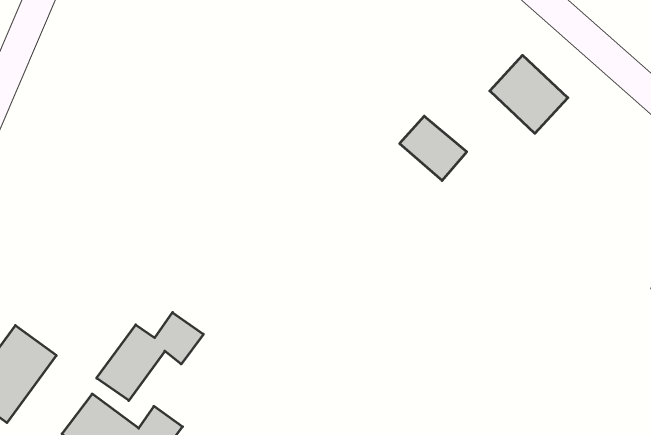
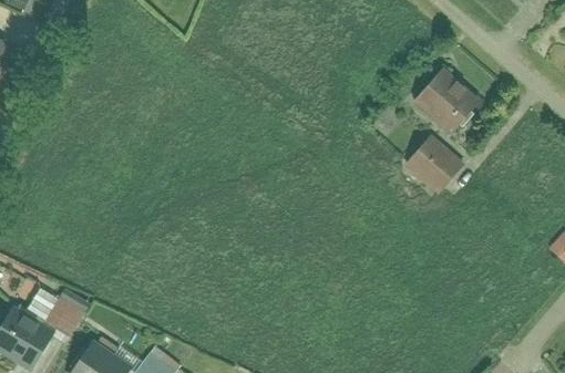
building: [400,116,467,181] -> [403,136,458,188]
building: [97,312,203,401] -> none

